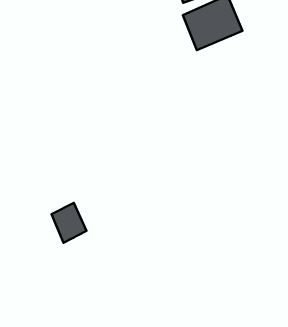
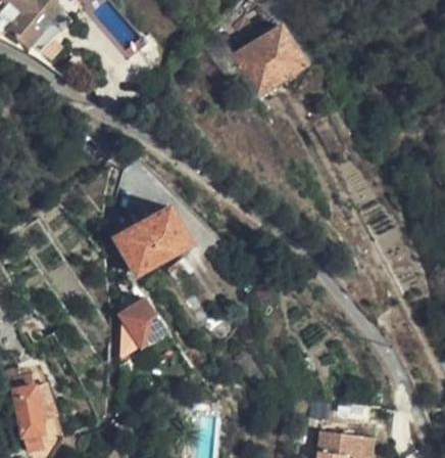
building: none -> [116,209,190,274]

